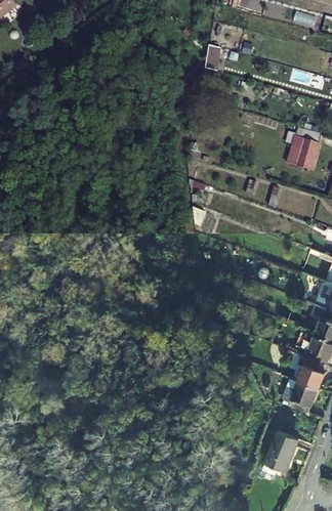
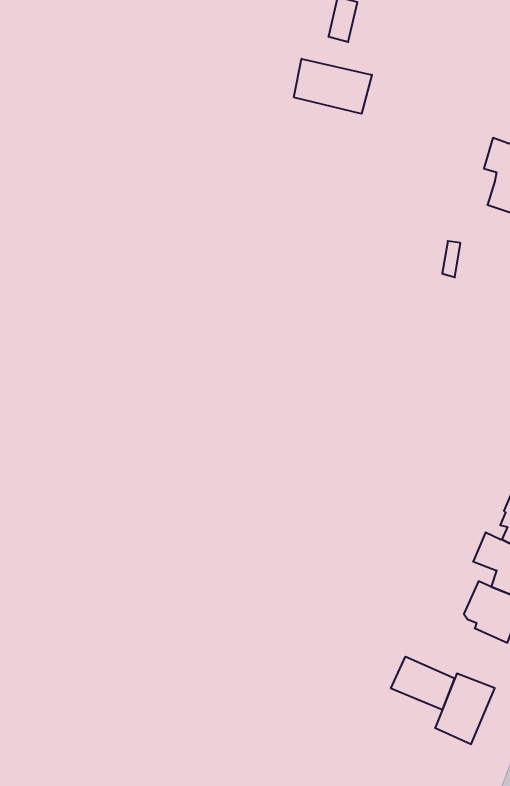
building: none -> [294,59,372,114]
building: none -> [391,657,455,710]

